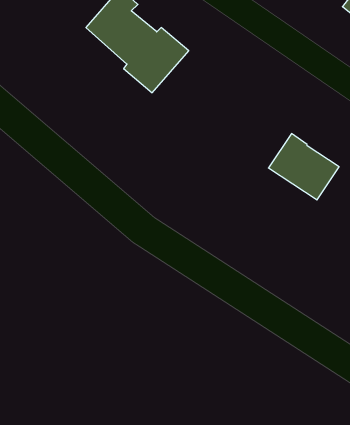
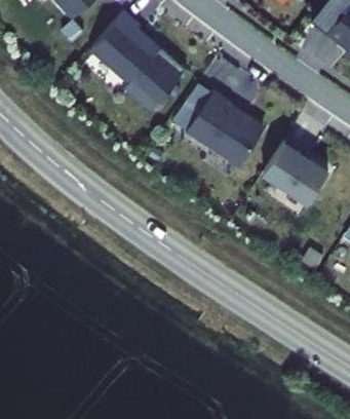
building: none -> [185,89,262,165]

